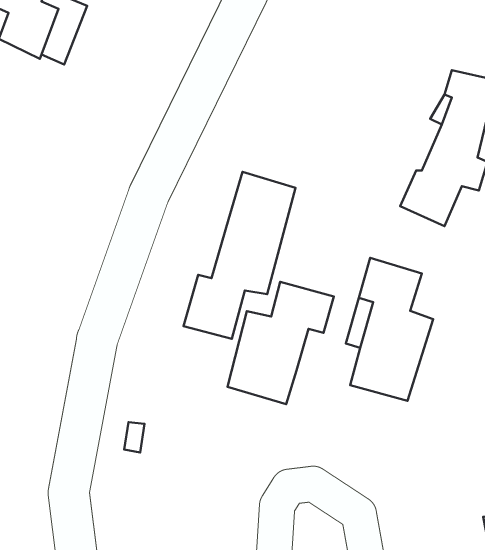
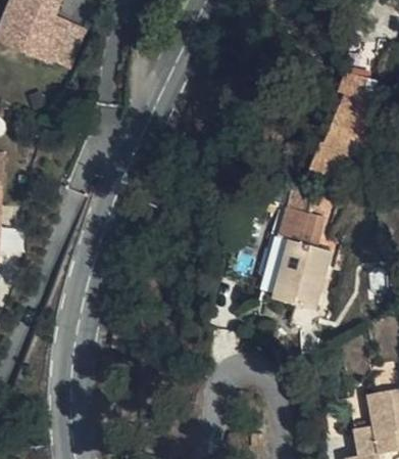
building: [183,172,295,339] -> none
building: [228,282,334,404] -> none

